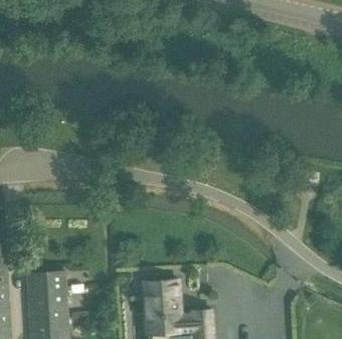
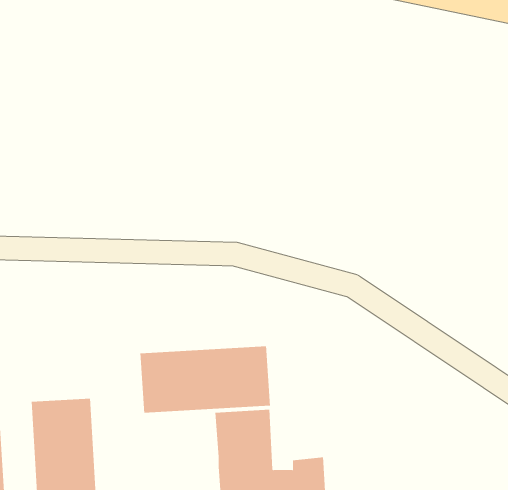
building: none -> [140,345,270,414]

